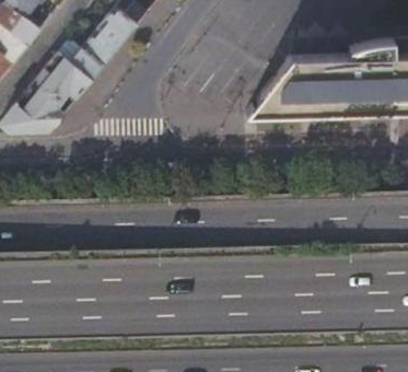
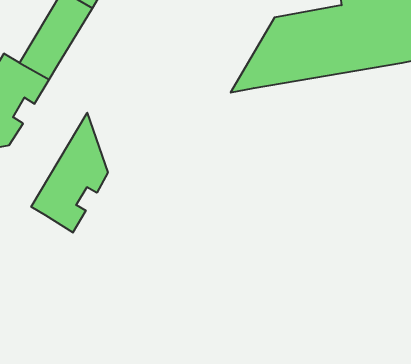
building: none -> [31,113,108,233]

